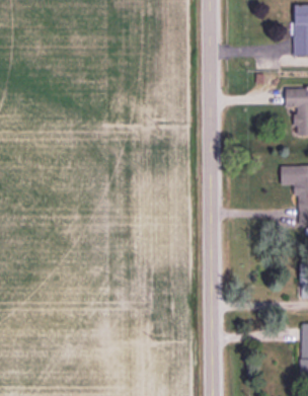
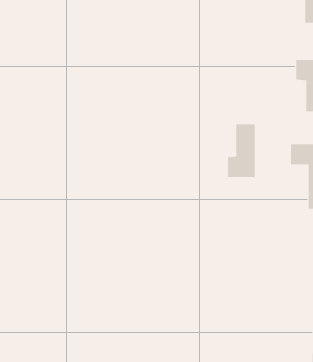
building: none -> [228,124,255,178]

